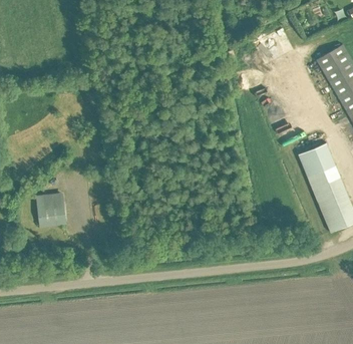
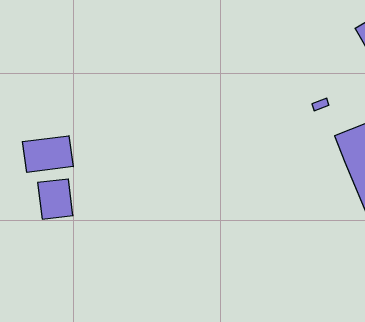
building: none -> [22,136,73,172]

